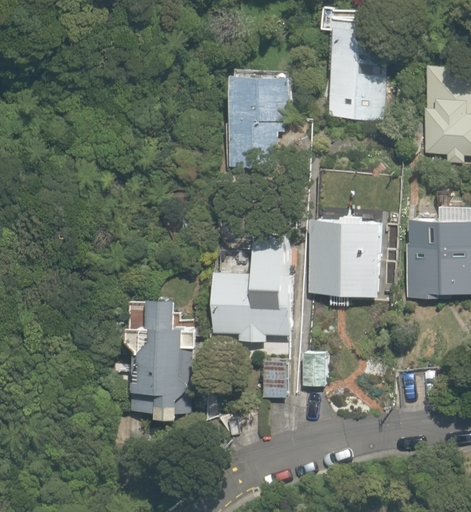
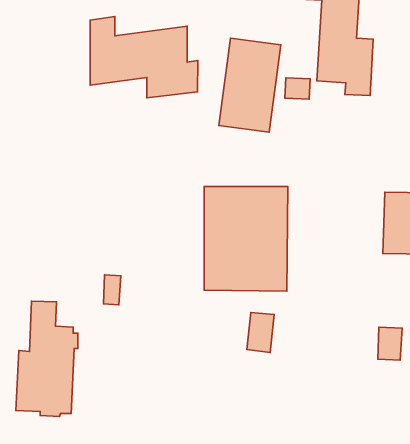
building: none -> [90,17,198,98]
building: [308,215,384,296] -> none
building: [126,296,190,415] -> [16,301,78,416]

